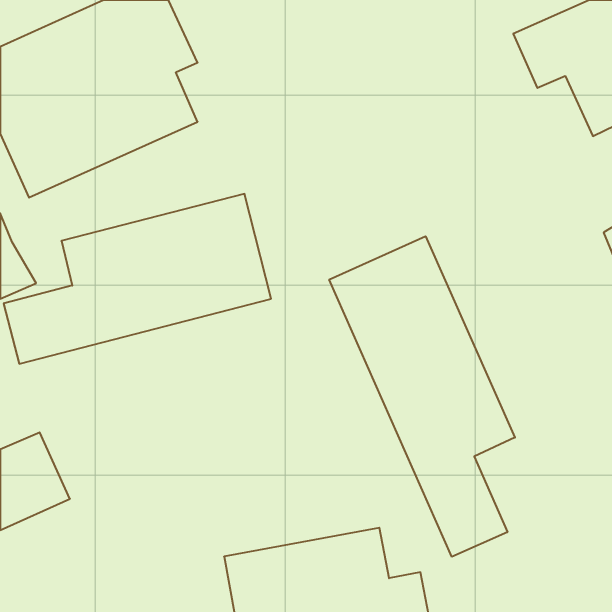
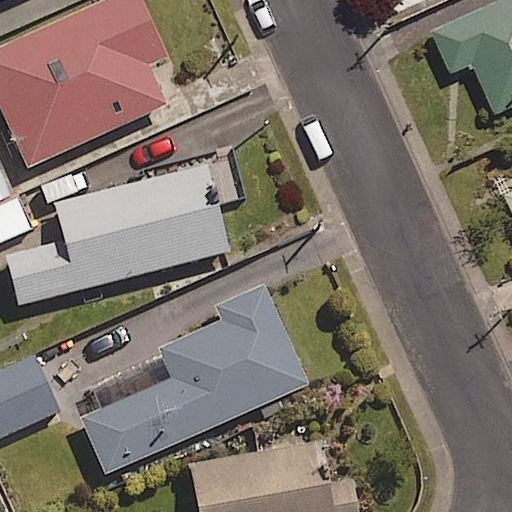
building: [329,236,515,557] -> none
building: none -> [81,283,307,472]

